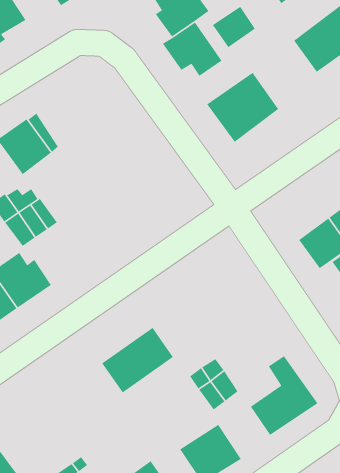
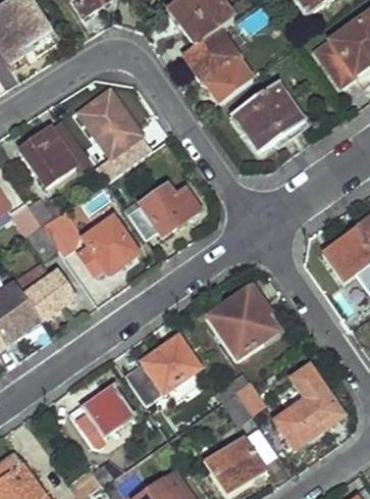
building: [212,6,256,48] -> none
building: none -> [80,88,142,179]
building: none -> [127,185,199,238]
building: none -> [77,218,138,273]
building: none -> [207,285,276,358]
building: none -> [68,384,135,437]

